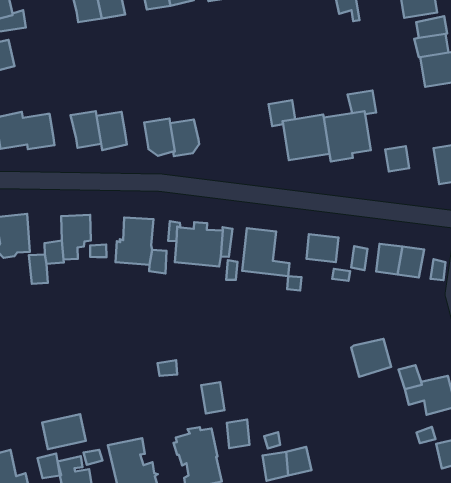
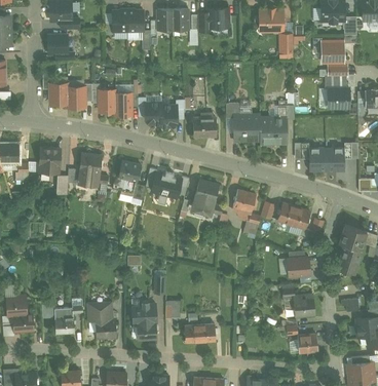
building: none -> [192,113,216,136]
building: none -> [309,148,327,171]
building: [351,339,391,377] -> [287,257,310,278]
building: [42,414,86,449] -> none

